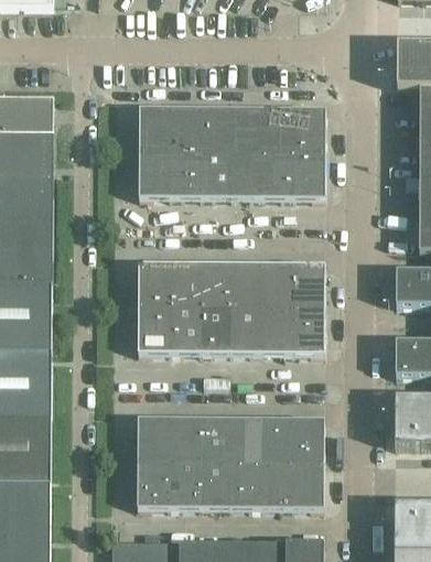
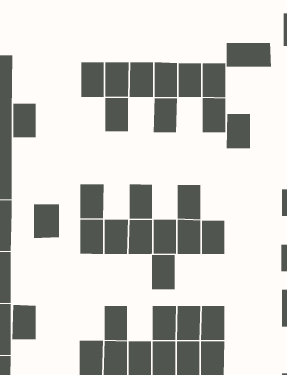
building: none -> [226,42,272,68]
building: [139,152,170,196] -> [13,103,37,138]
building: [201,152,233,197] -> none
building: [262,152,294,197] -> [226,113,251,149]
building: [169,262,201,307] -> none
building: [231,263,262,307] -> none
building: [293,263,325,309] -> none
building: none -> [34,204,59,239]
building: [137,417,169,462] -> [12,304,37,340]
building: [200,418,230,463] -> [151,255,175,290]

